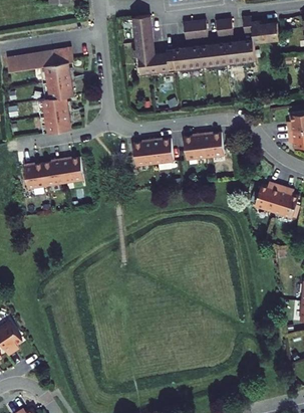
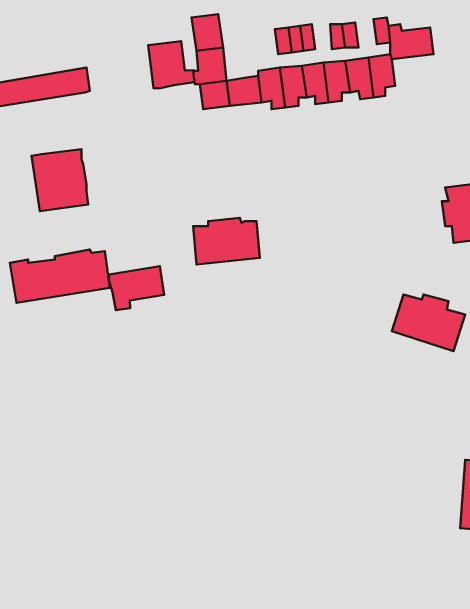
building: none -> [148,41,194,88]
building: [39,61,75,98] -> none
building: [186,132,227,159] -> none
building: none -> [109,266,164,310]

